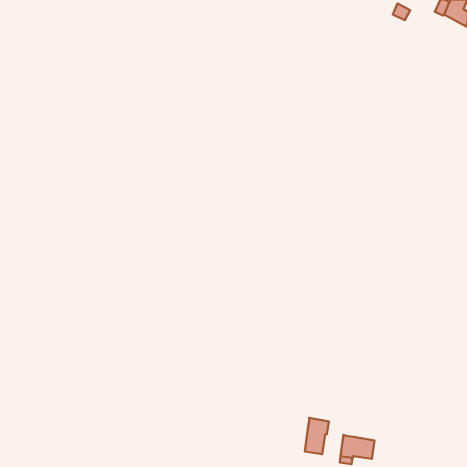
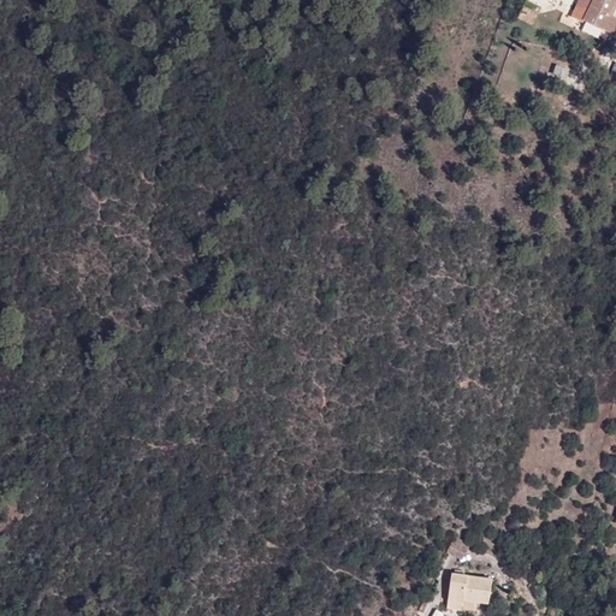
building: [305,418,329,454] -> none

